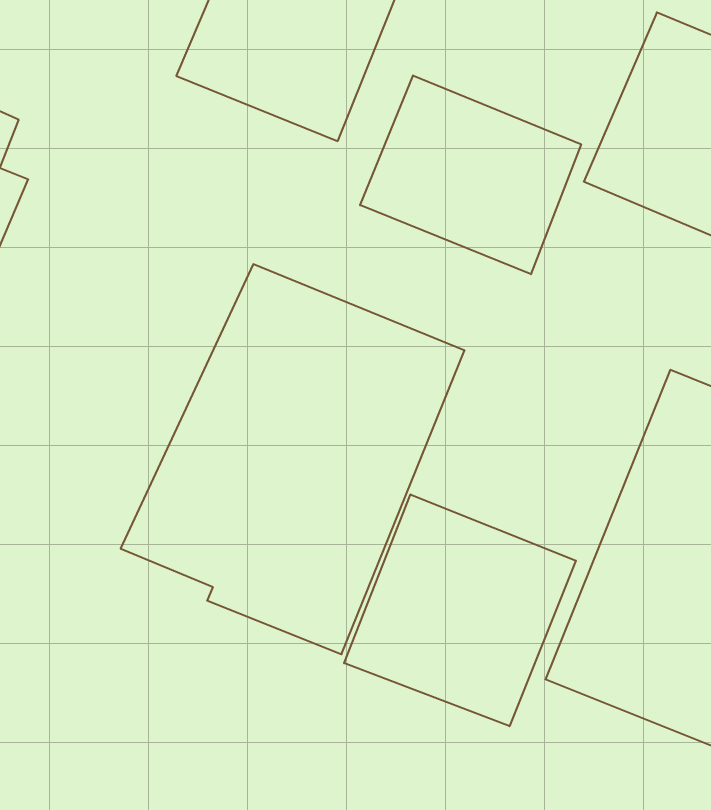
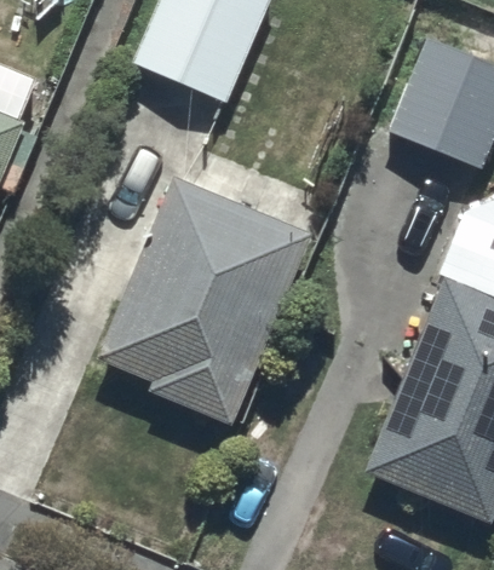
building: [360,75,581,274] -> none
building: [344,494,576,726] -> none

